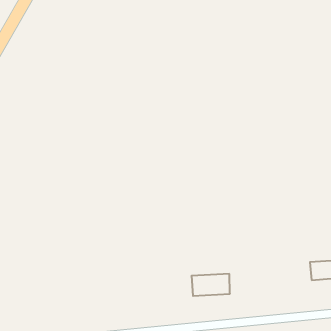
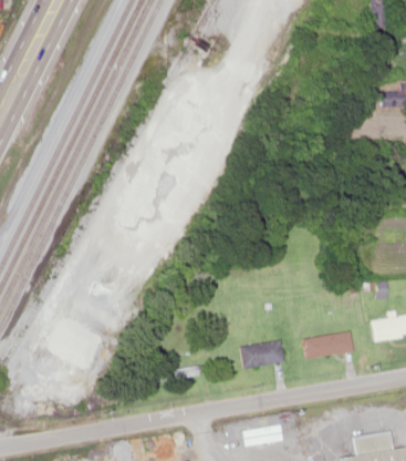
building: none -> [305,331,354,358]

